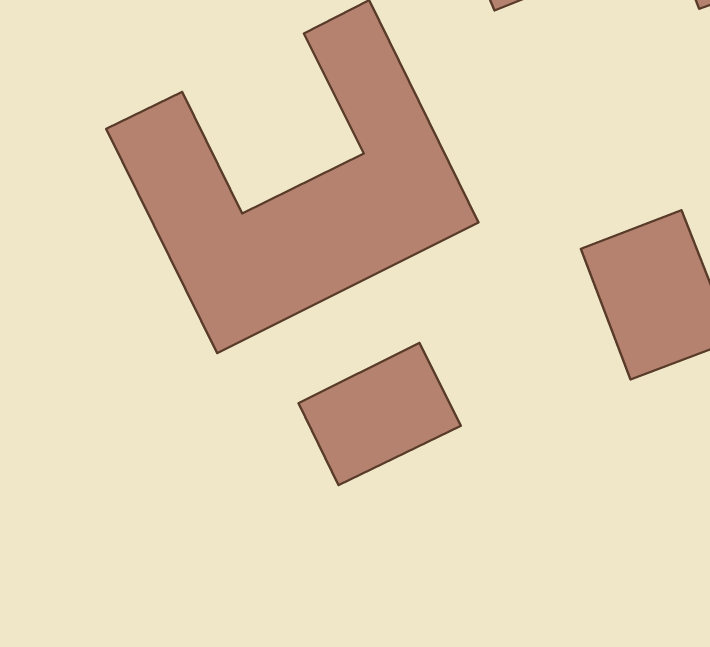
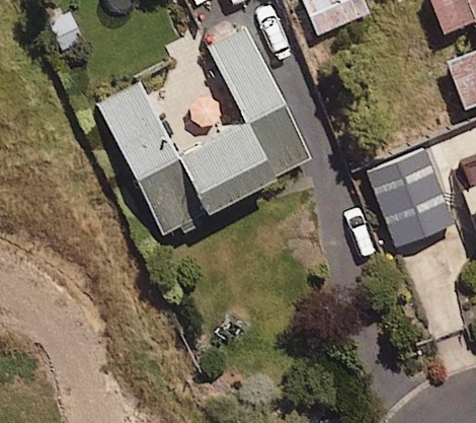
building: [298,343,461,485] -> none

